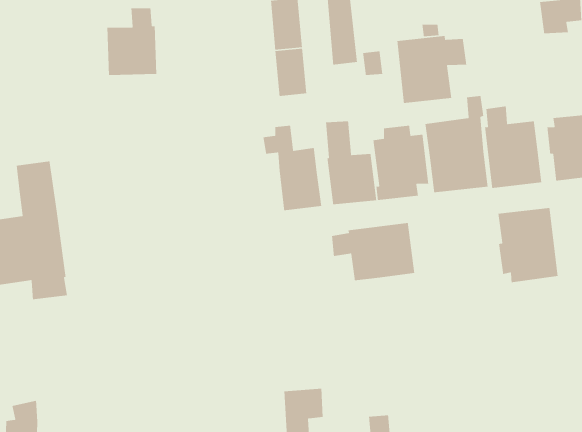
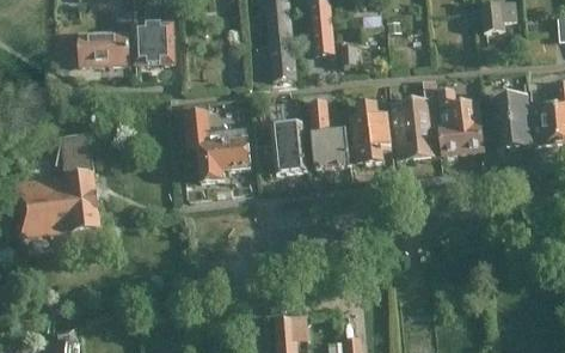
building: none -> [78,10,130,65]
building: [396,35,467,104] -> none
building: none -> [183,114,250,181]
building: [498,207,559,283] -> none
building: [331,222,415,281] -> none

